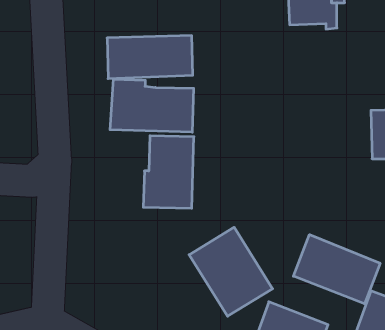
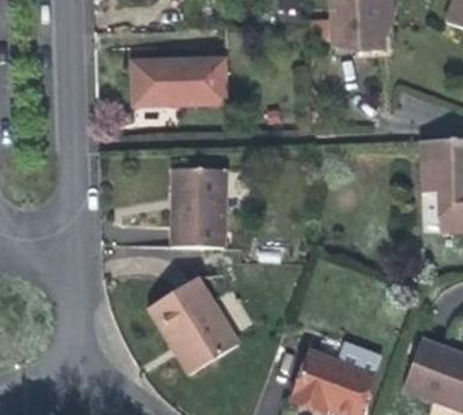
building: [110,79,194,132] -> none
building: [189,227,273,316] -> [147,276,239,374]
building: [293,235,380,304] -> none

